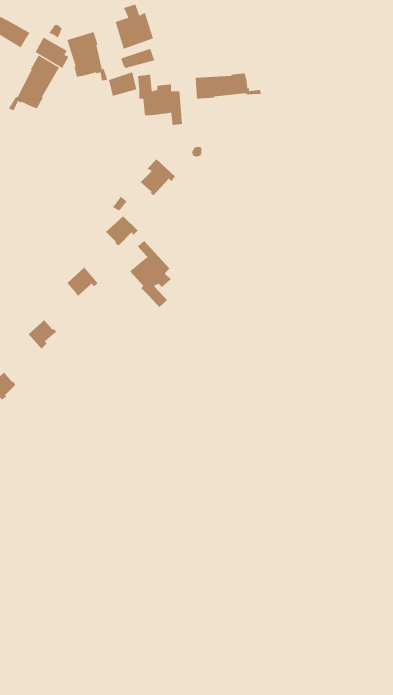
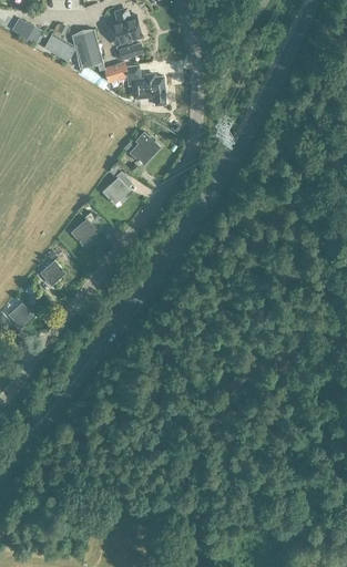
building: [8,55,60,111] -> none
building: [195,73,261,100] -> none
building: [130,240,171,308] -> none

